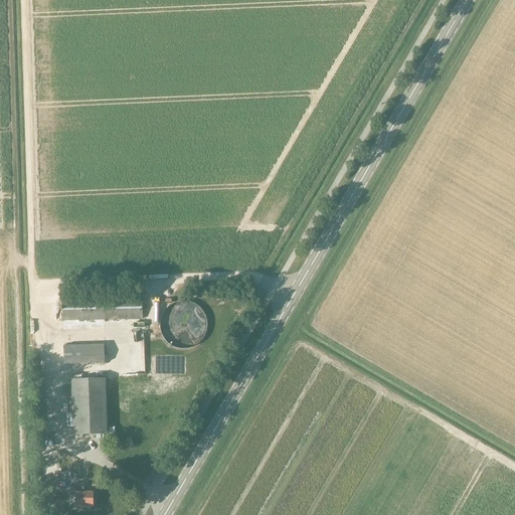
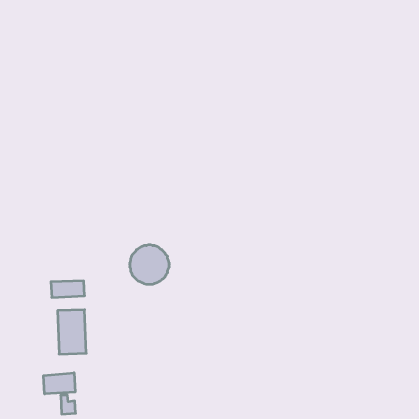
building: [62,297,143,320] -> none
building: none -> [44,373,75,394]

